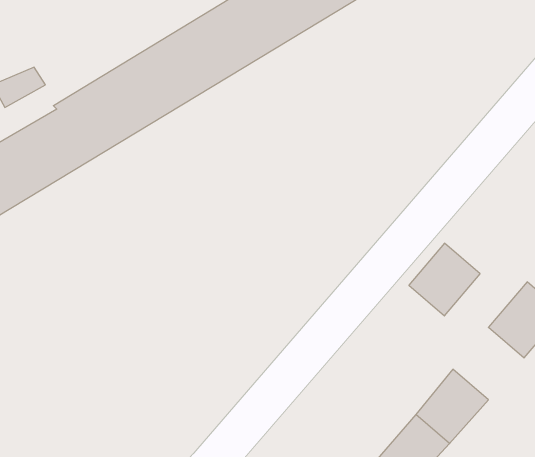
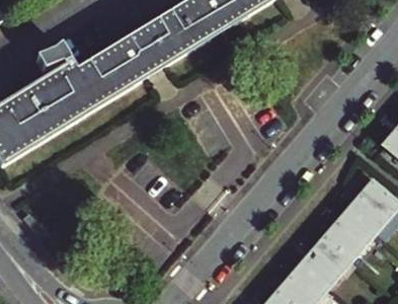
building: [409,243,480,316] -> [324,208,369,253]

